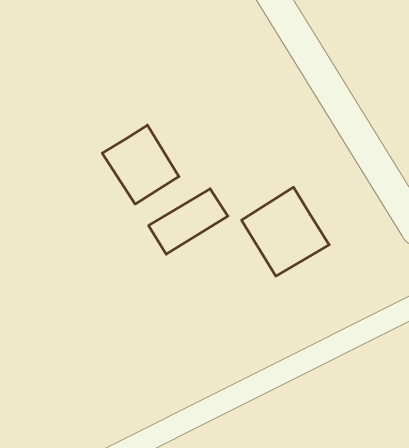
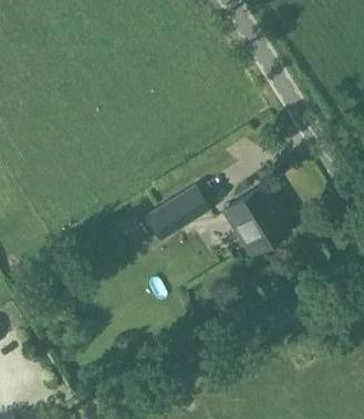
building: [102,125,179,204] -> none

